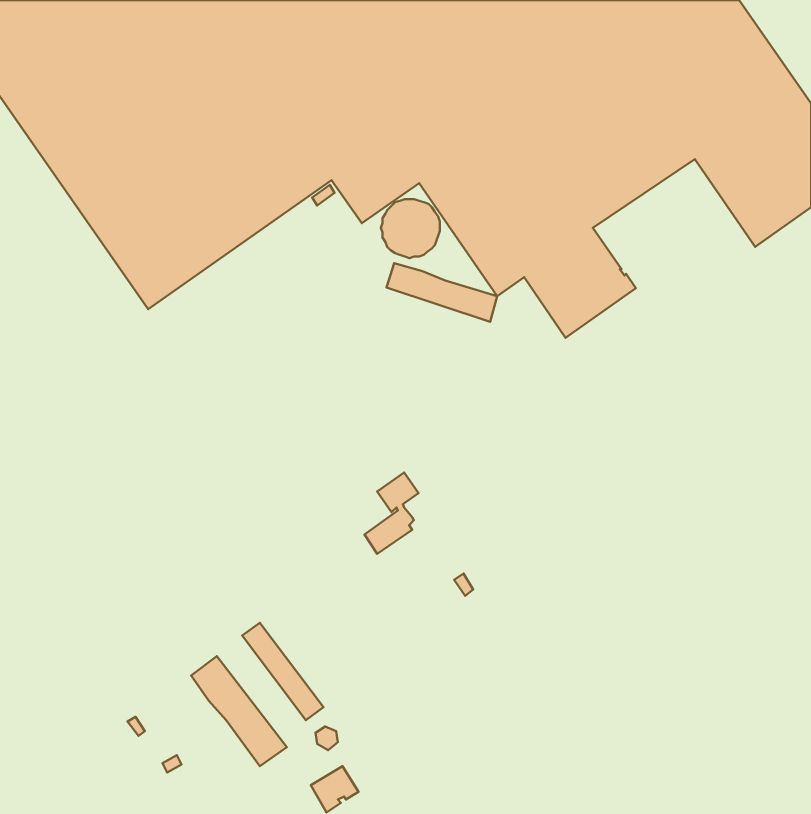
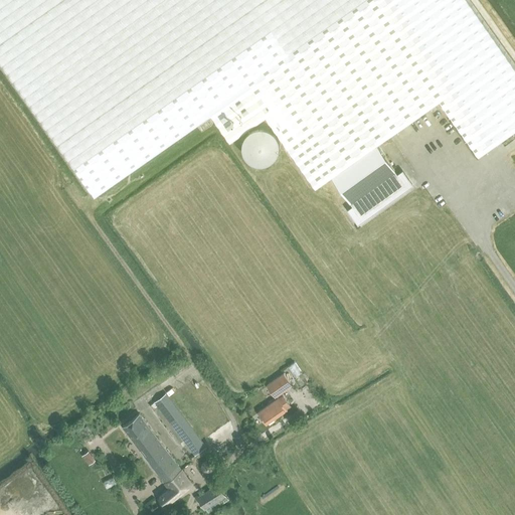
building: [386,263,497,322] -> none
building: [364,472,419,554] -> [256,372,291,423]
building: none -> [158,472,190,504]

